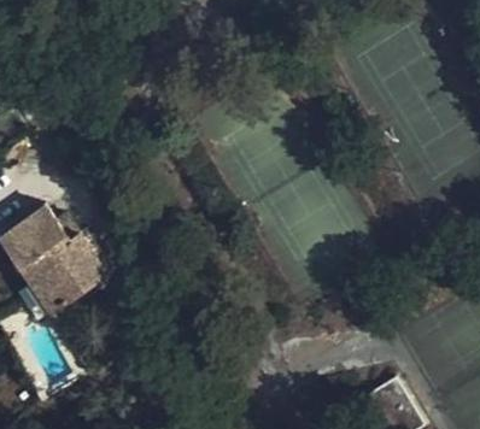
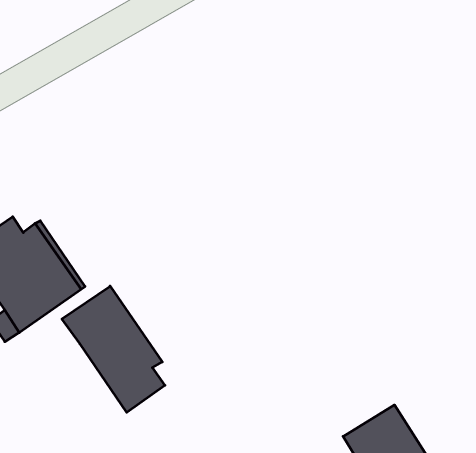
building: none -> [62,286,165,412]

